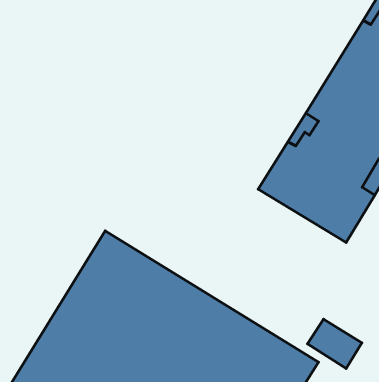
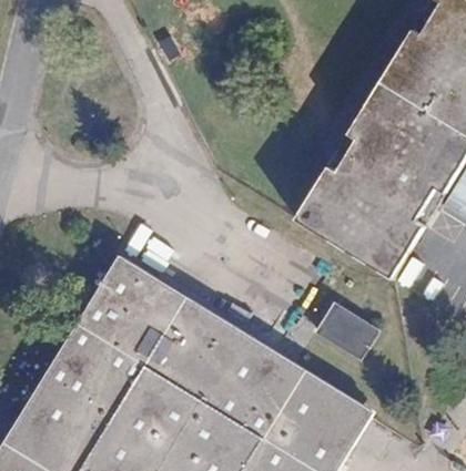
building: [308,319,362,369] -> [318,304,379,359]

